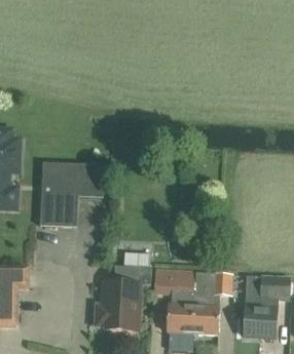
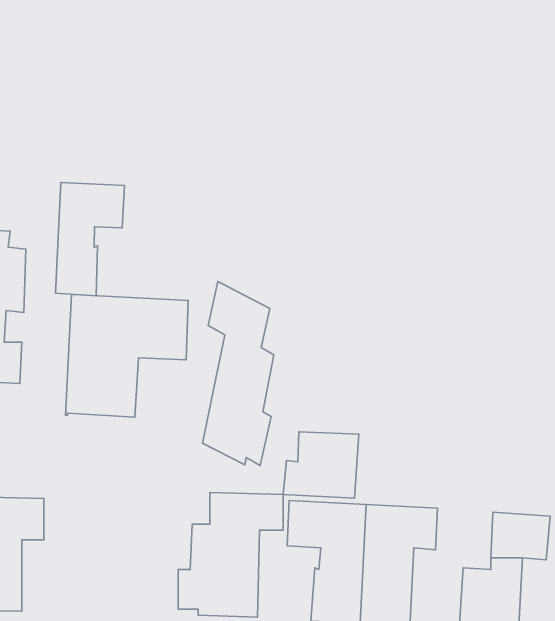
building: none -> [55,182,125,296]
building: none -> [202,281,274,465]
building: none -> [283,432,359,498]

